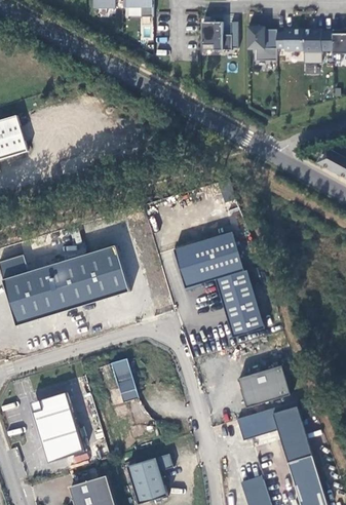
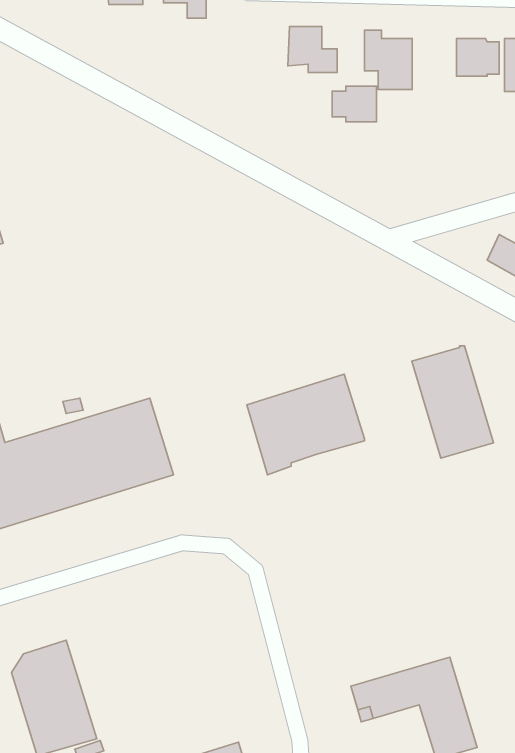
building: [273,29,300,50] -> [332,86,377,122]
building: [216,270,265,338] -> [412,346,494,458]
building: [110,357,138,401] -> none
building: [237,365,290,407] -> none

